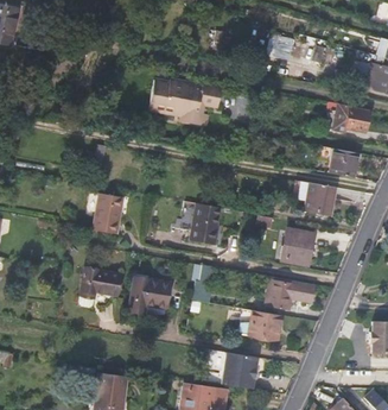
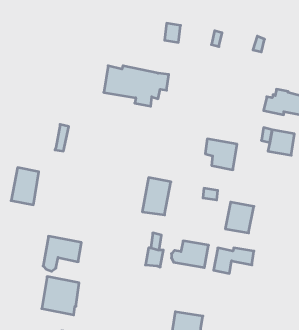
building: [298,181,333,215] -> [205,139,237,170]
building: [93,193,123,234] -> [11,168,39,205]
building: [128,275,170,317] -> [42,277,79,315]
building: [241,309,282,339] -> [171,241,209,268]

